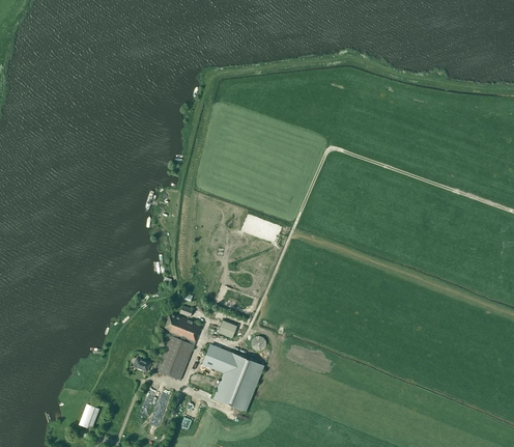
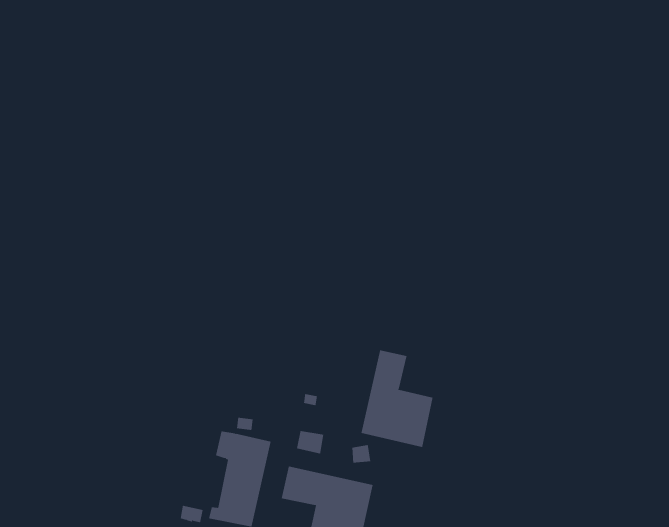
building: none -> [361,349,433,448]

